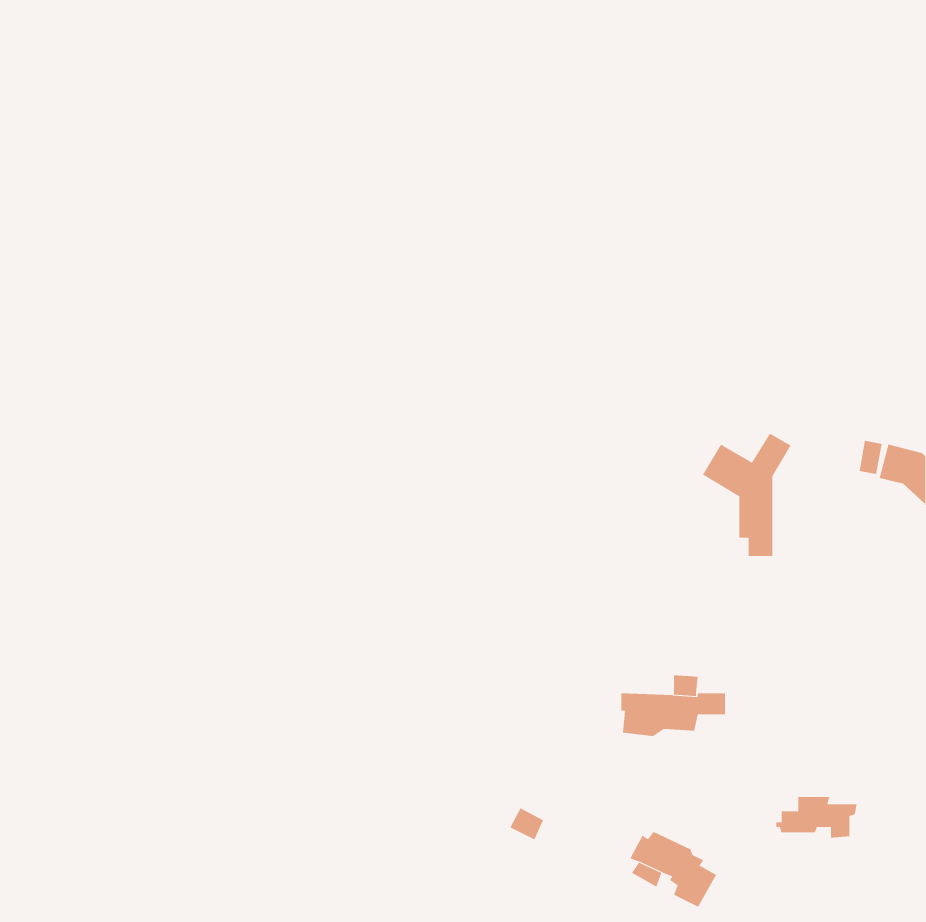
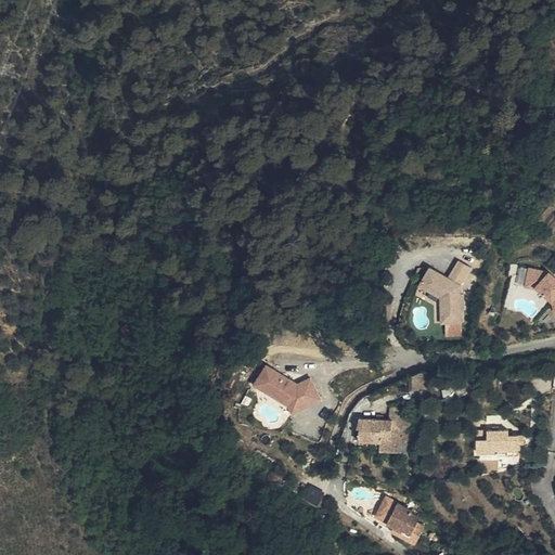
building: none -> [254,365,321,416]
building: [776,796,857,838] -> [473,431,521,456]

